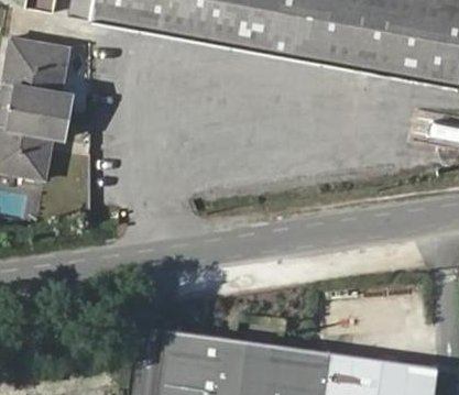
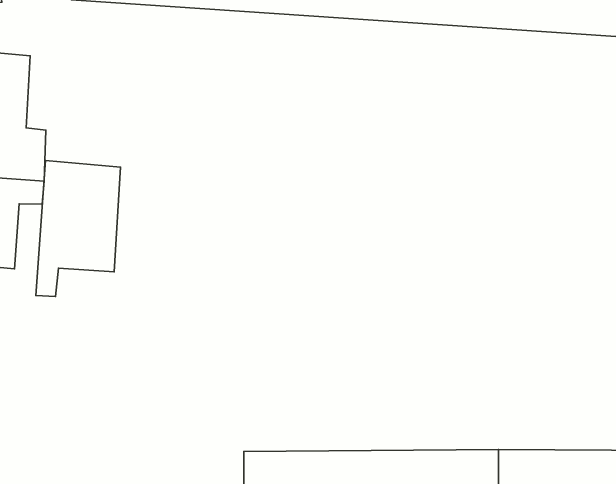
building: none -> [36,160,120,296]

